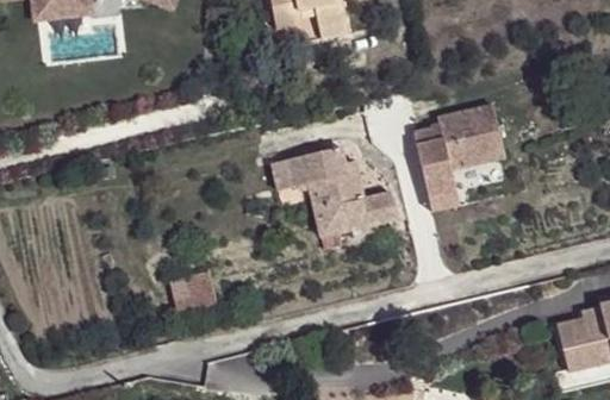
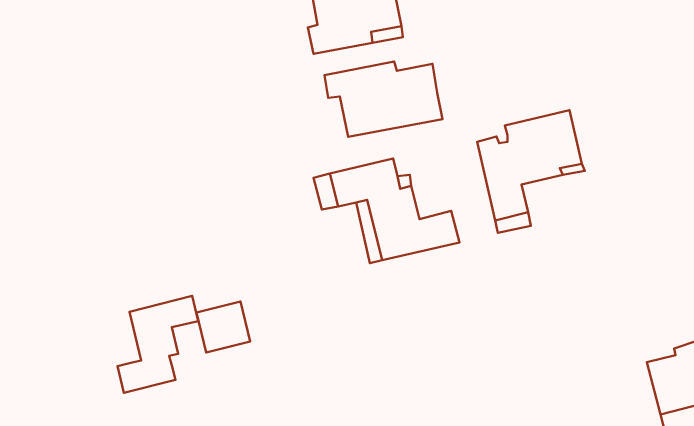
building: none -> [324,62,443,137]
building: none -> [117,296,198,393]

